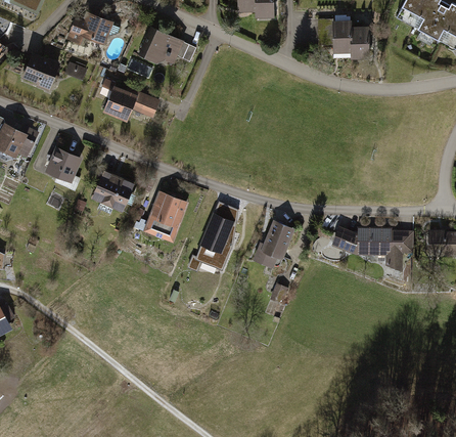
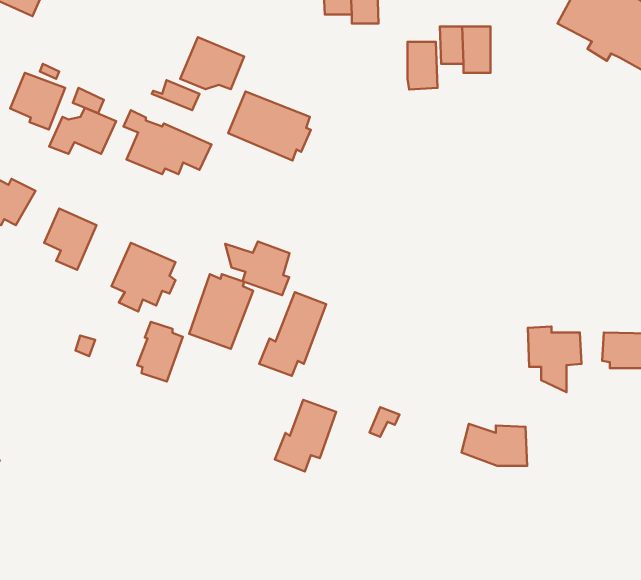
building: [66,12,112,44] -> [49,108,116,154]
building: [351,27,371,59] -> [408,42,437,89]
building: none -> [228,91,311,161]
building: none -> [225,242,290,295]
building: [253,219,294,268] -> [275,400,336,472]
building: none -> [137,322,183,382]
building: [332,225,377,254] -> [461,424,527,466]

